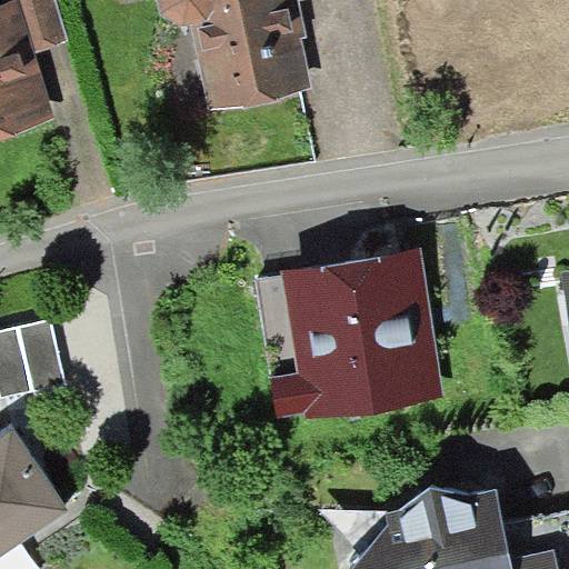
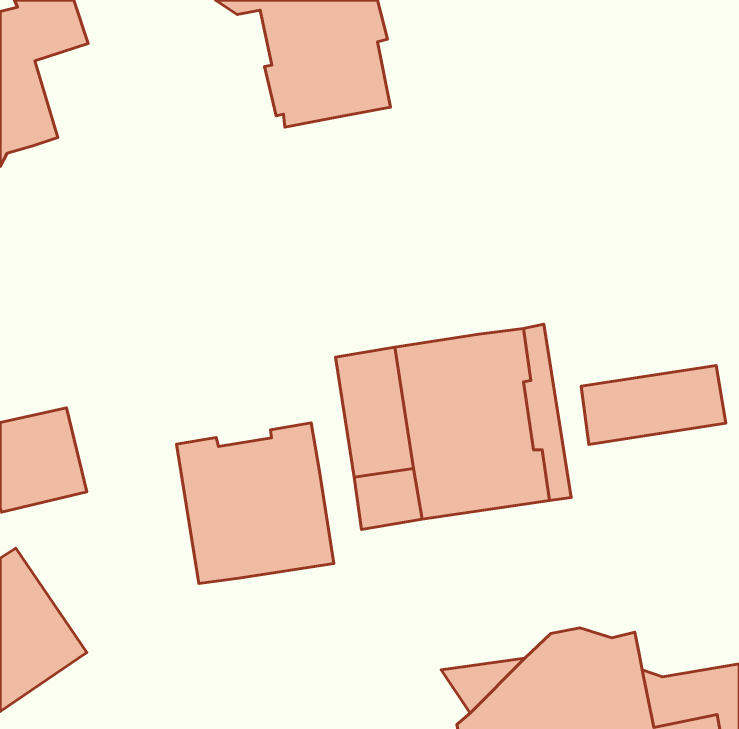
building: none -> [581,365,726,444]
building: none -> [177,423,334,583]

